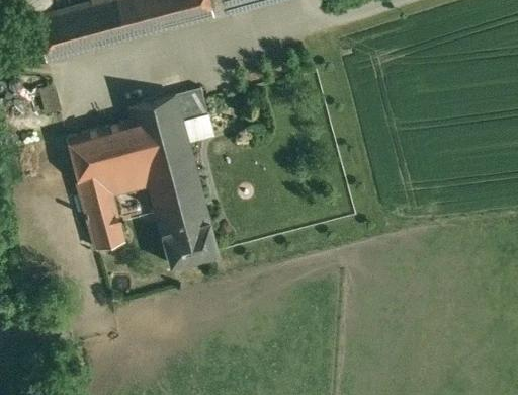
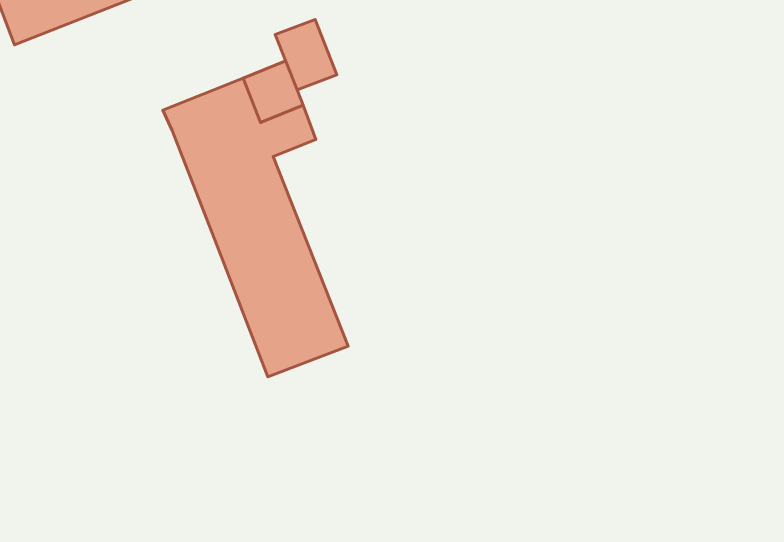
building: none -> [275,19,337,90]
building: [65,118,148,248] -> none

